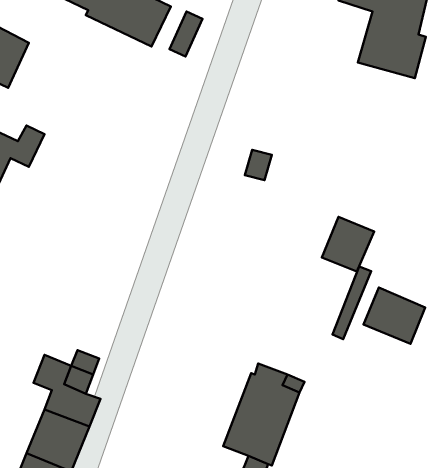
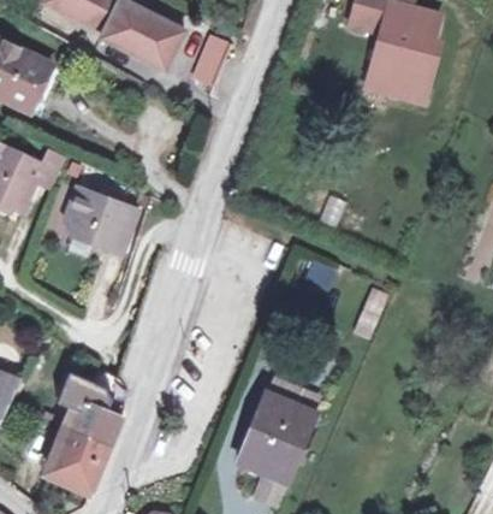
building: none -> [63,189,136,254]
building: [322,217,374,271] -> none
building: [363,287,425,344] -> none

